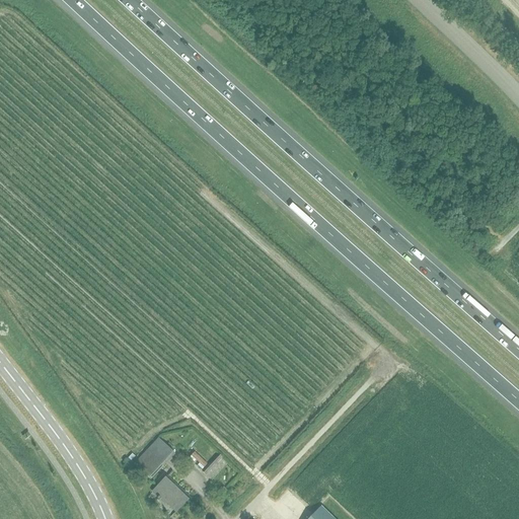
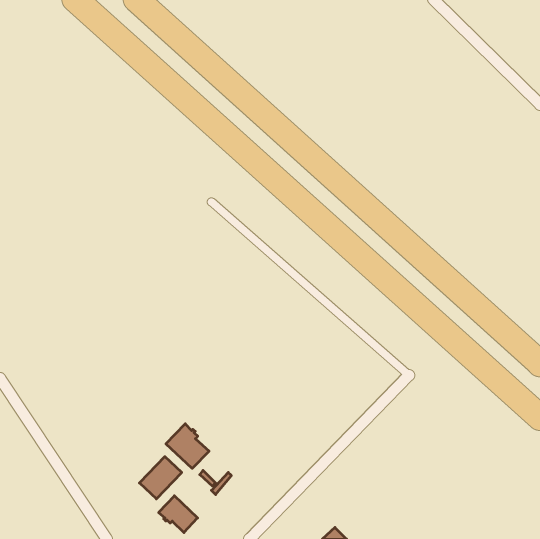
building: none -> [166,424,209,468]

